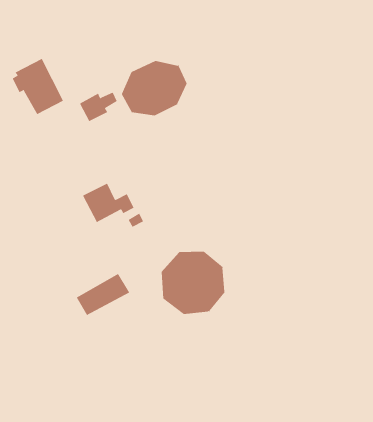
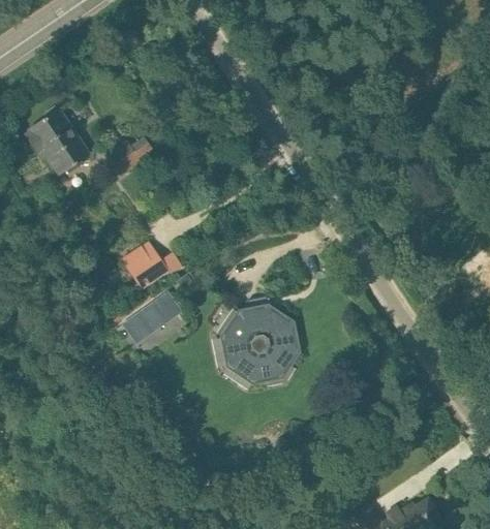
building: [121,60,189,118] -> none
building: [76,273,130,316] -> [121,291,182,344]

